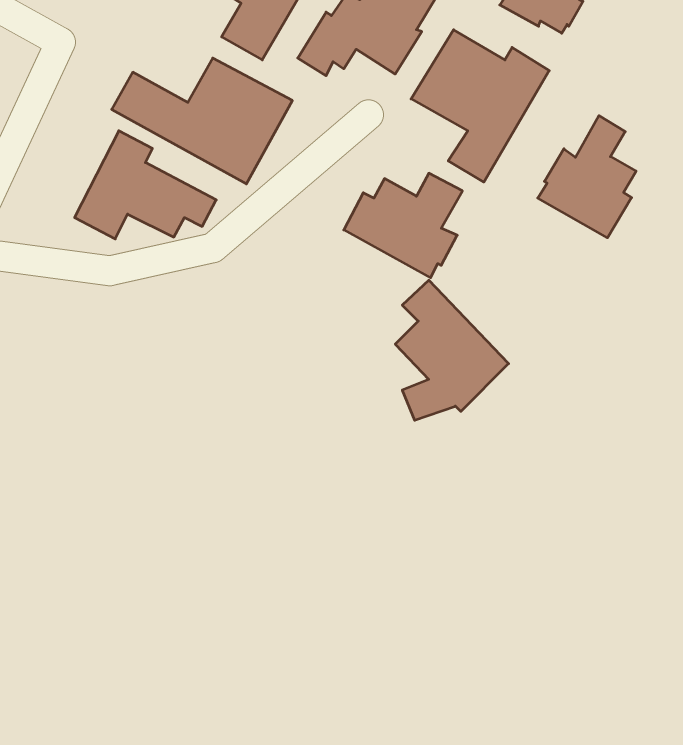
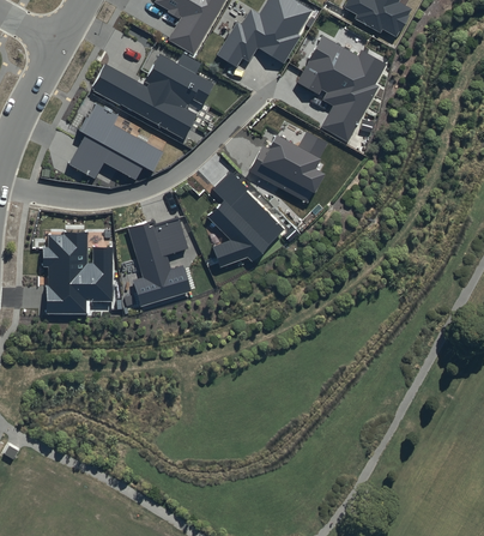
building: [538,116,636,238] -> none
building: [395,280,509,420] -> [207,173,284,267]
building: none -> [127,217,190,306]
building: none -> [43,231,113,313]

